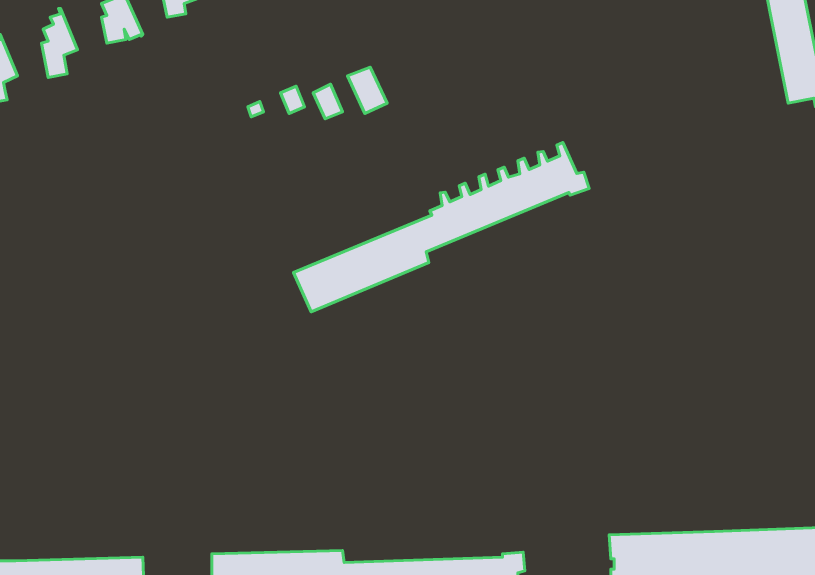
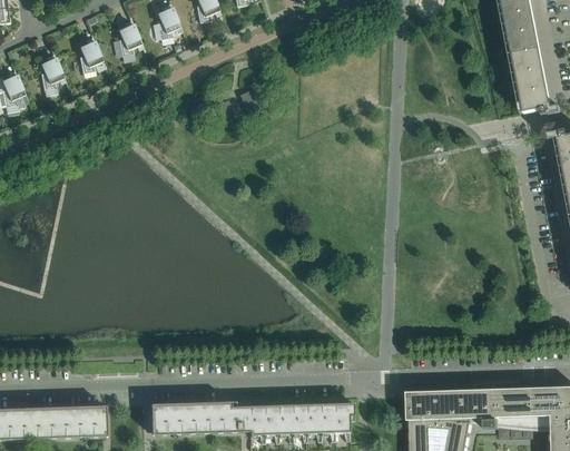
building: [294,142,589,312] -> none

